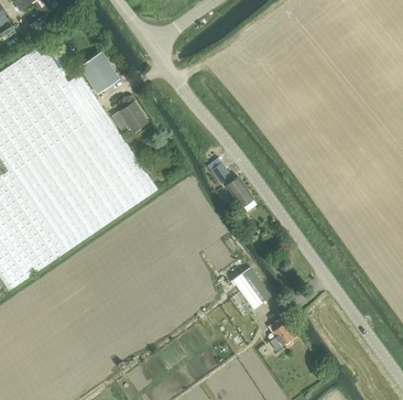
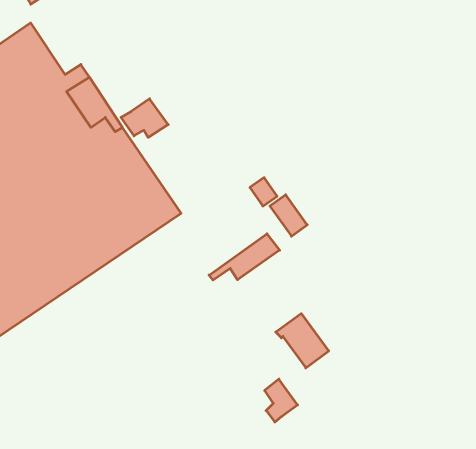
building: [78,51,120,95] -> none
building: none -> [209,234,280,280]
building: [269,317,294,350] -> [265,379,298,422]

